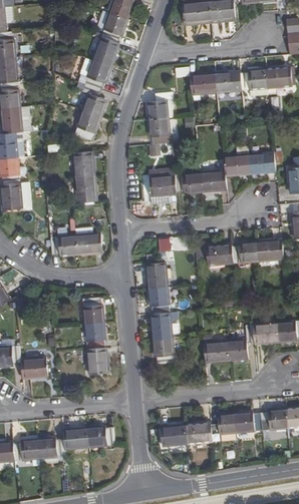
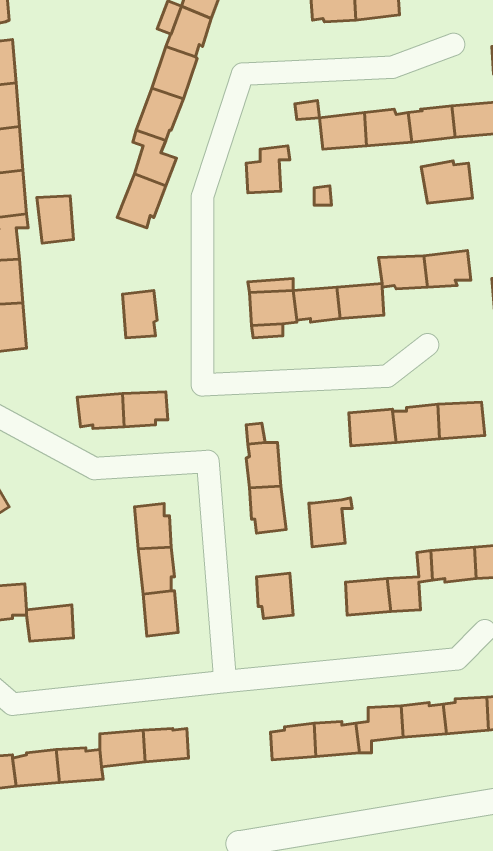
building: none -> [421,161,473,203]
building: [147,118,169,144] -> none
building: [72,150,93,177] -> [37,196,74,243]
building: [151,312,176,340] -> [309,498,352,547]

